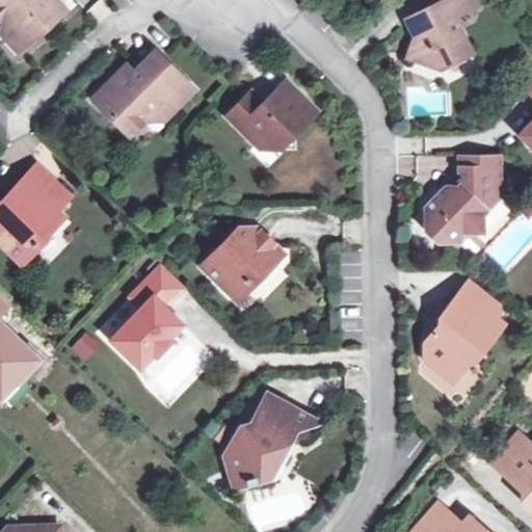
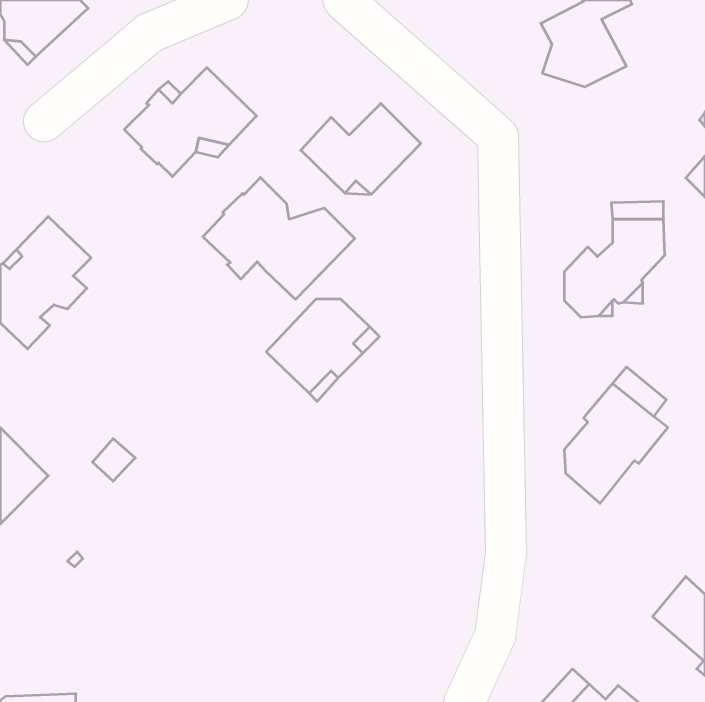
building: none -> [203,177,355,299]
building: [109,264,184,367] -> none
building: [225,394,318,485] -> none

